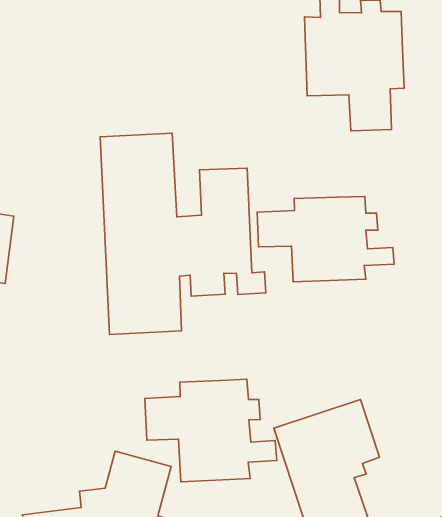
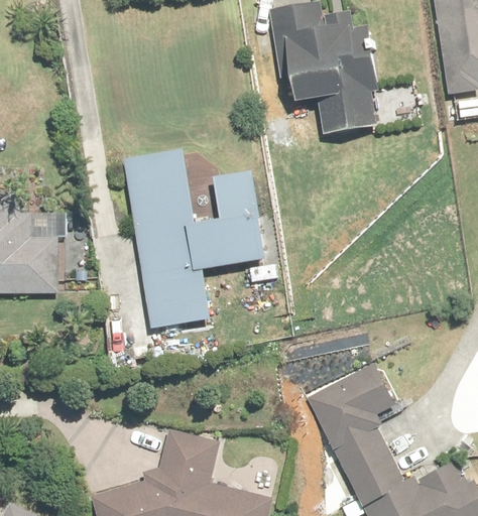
building: [257,196,394,282] -> none
building: [145,379,277,482] -> none

